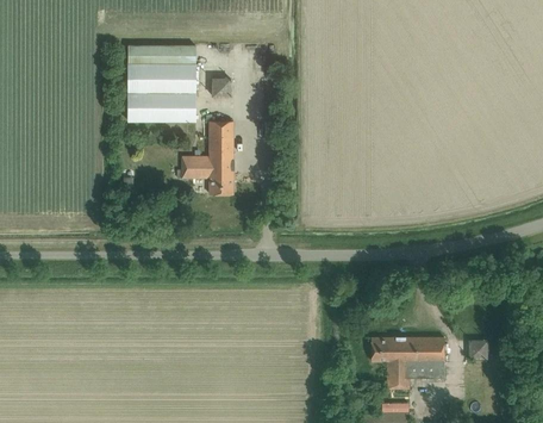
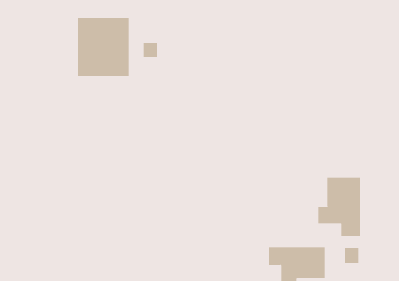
building: [182,120,233,193] -> none
building: none -> [318,177,361,237]

